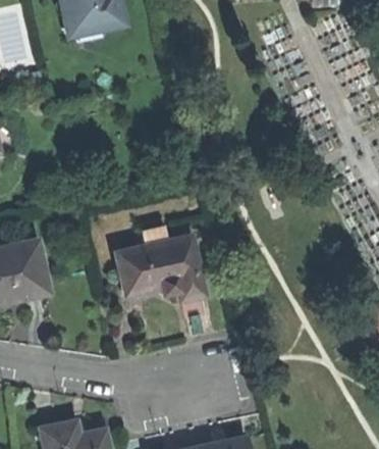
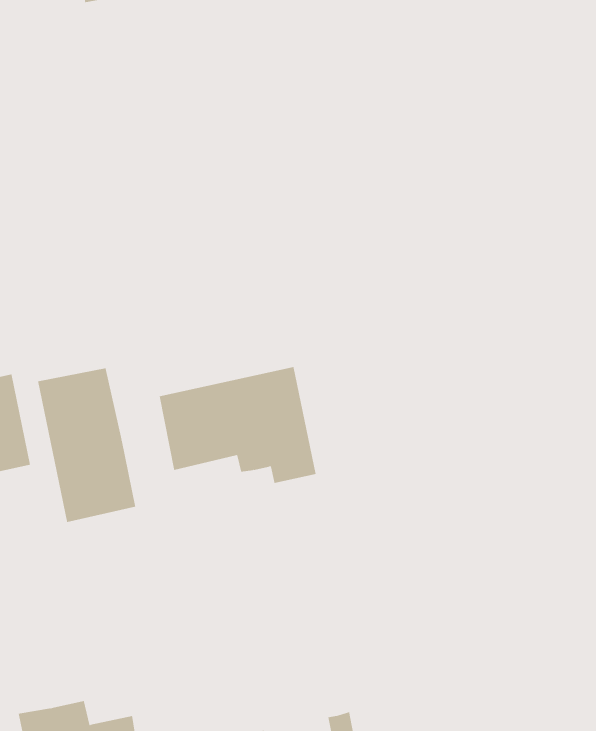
building: none -> [37,367,136,523]

